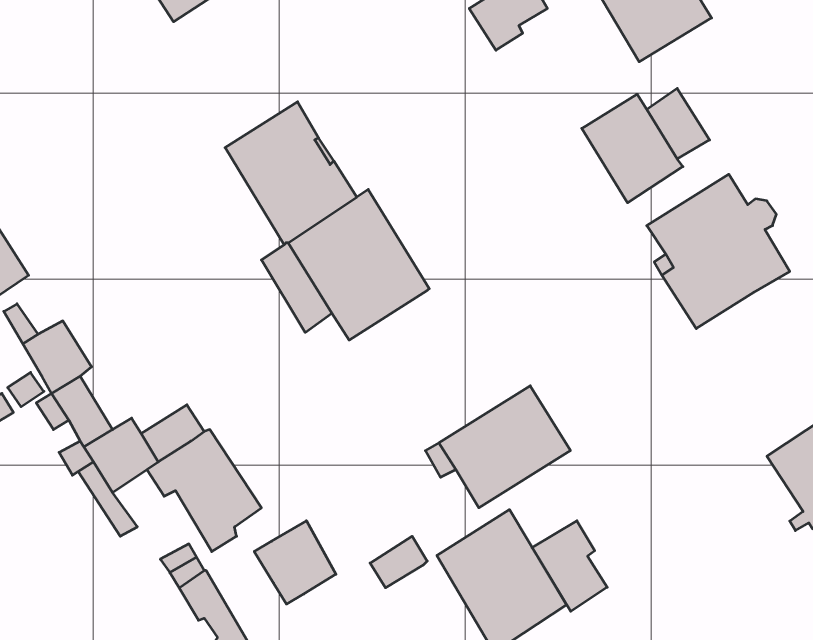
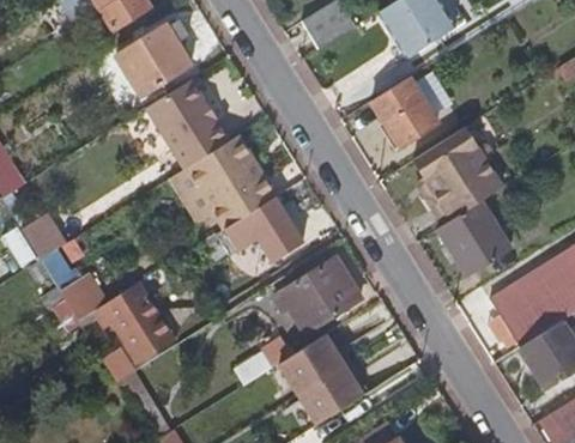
building: none -> [117,23,194,98]
building: none -> [217,200,305,266]
building: none -> [438,201,512,275]
building: [532,521,607,611] -> none
building: [254,521,336,604] -> none

